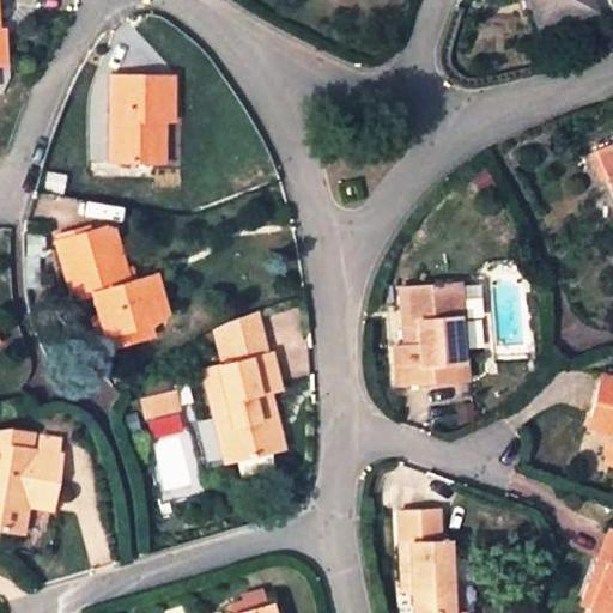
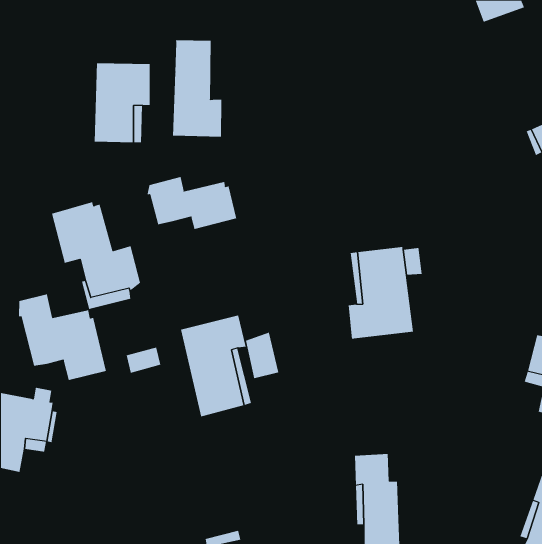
building: none -> [173,39,222,138]
building: none -> [147,176,237,230]
building: [233,309,272,362] -> [245,332,279,379]
building: none -> [19,294,106,381]

